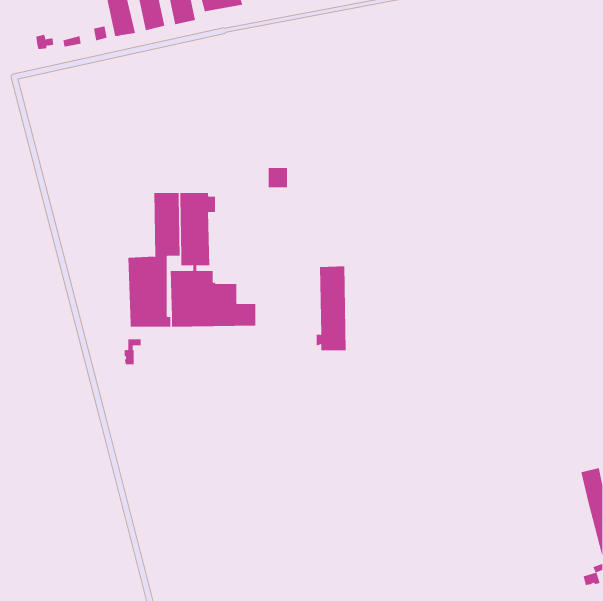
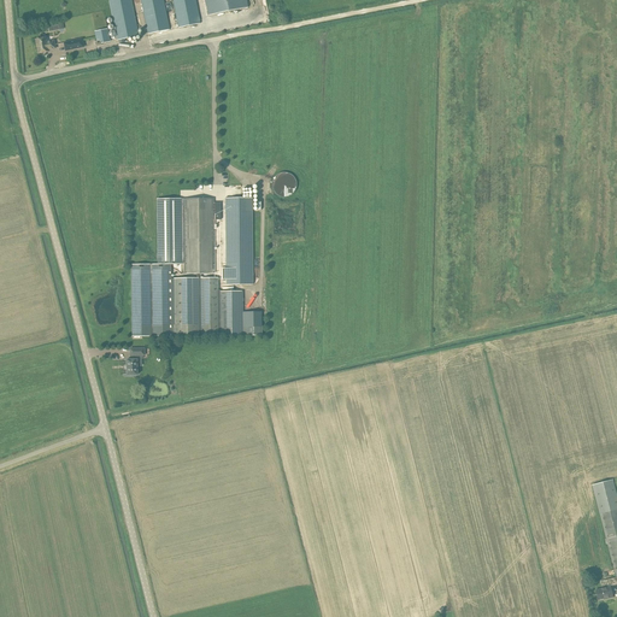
building: [316,266,346,351] -> [222,195,253,282]

